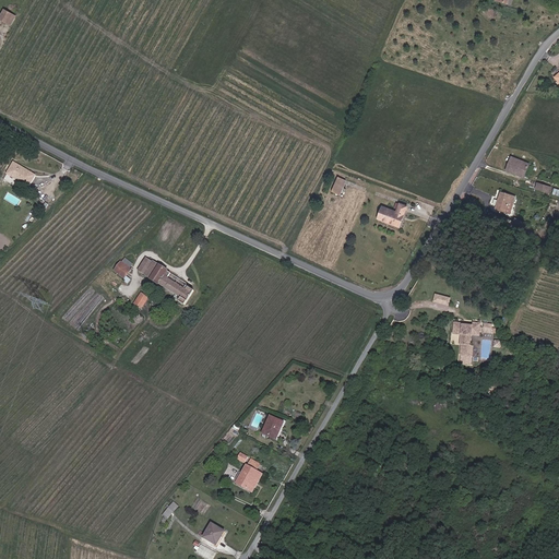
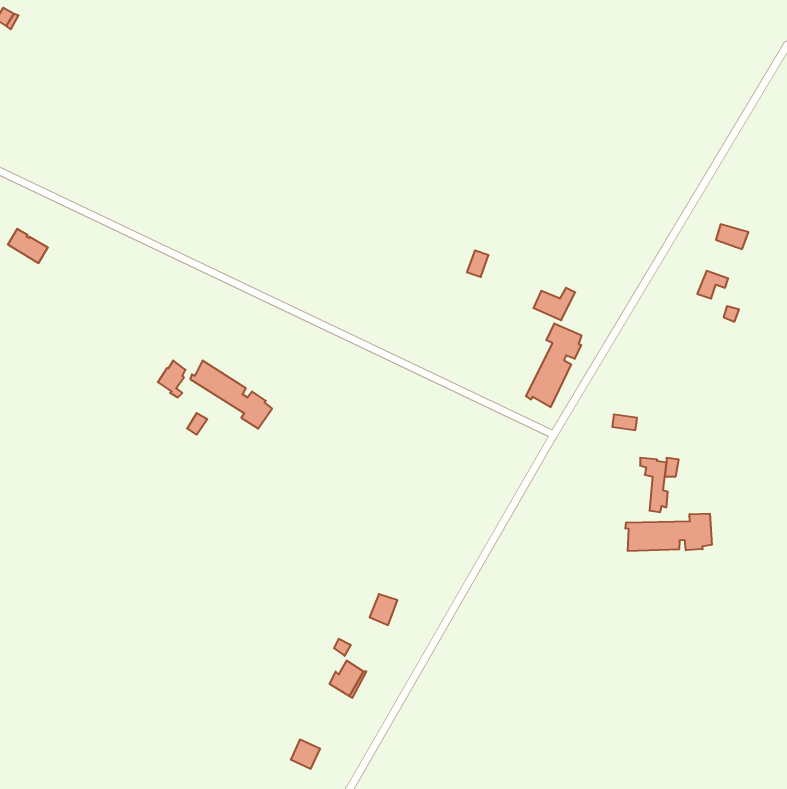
building: none -> [526,323,581,407]
building: none -> [625,514,712,551]

